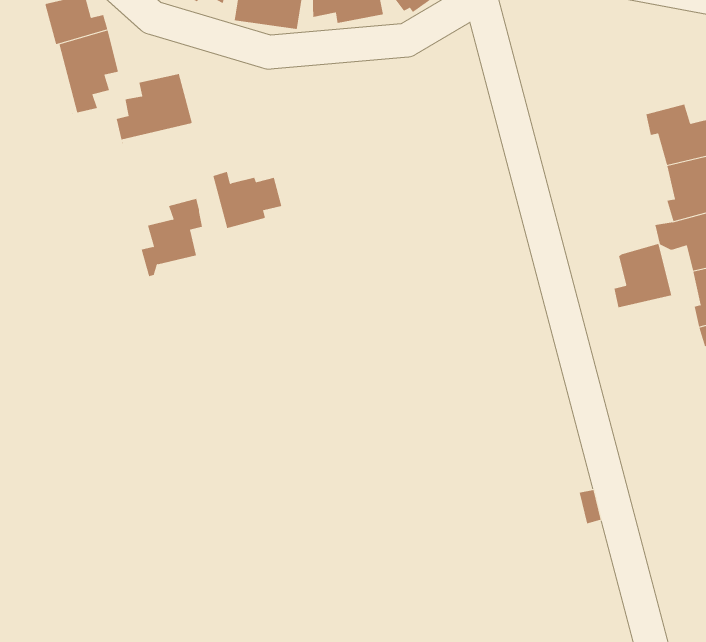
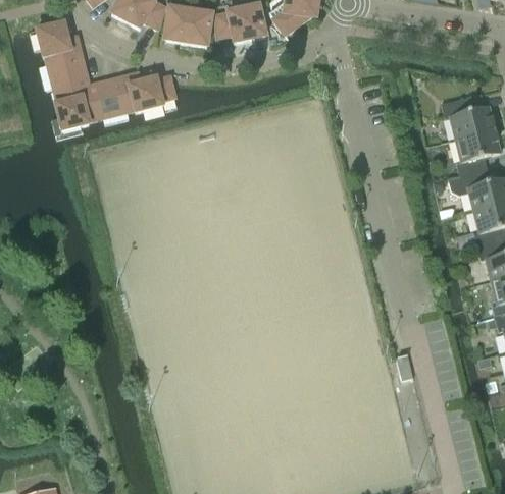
building: [212,171,282,229] -> [128,72,174,111]
building: [141,198,203,277] -> [51,85,93,138]
building: [614,243,672,308] -> none

